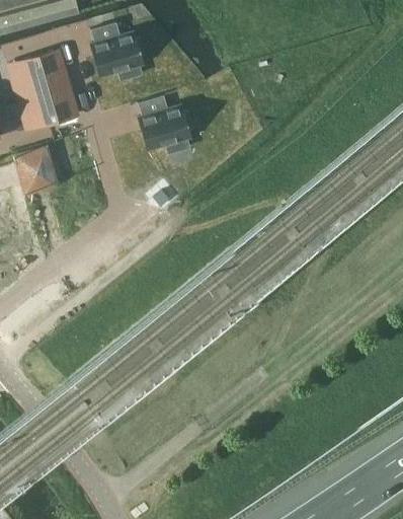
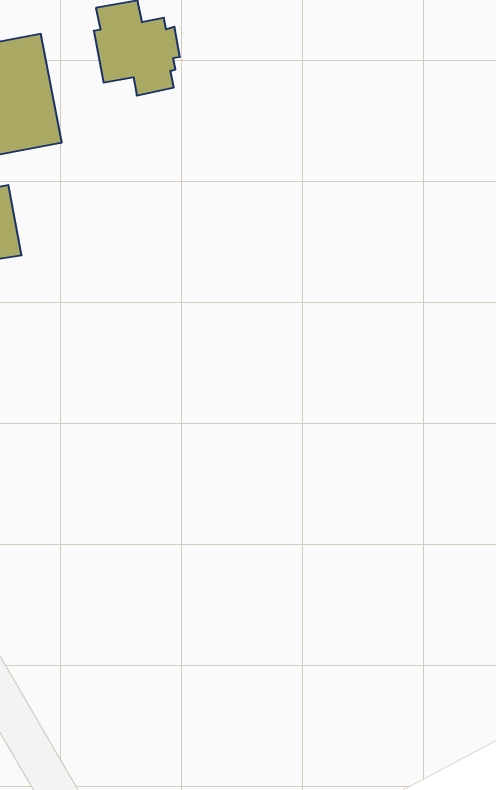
building: [138,95,192,154] -> none

